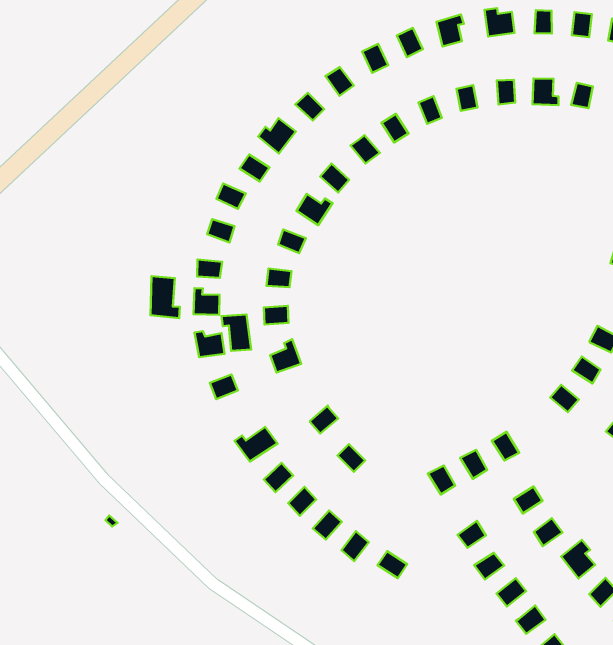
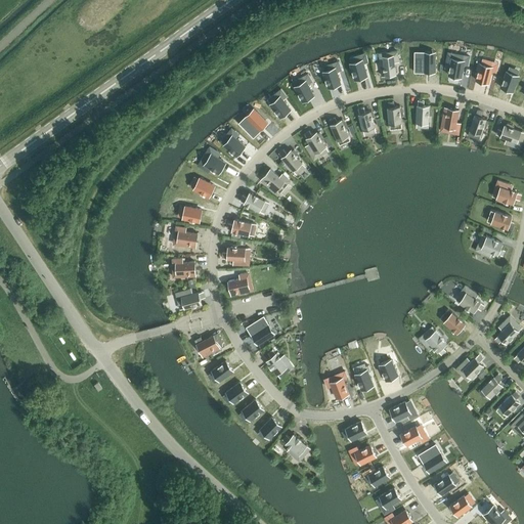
building: [150,276,180,318] -> none
building: [222,315,251,351] -> none

